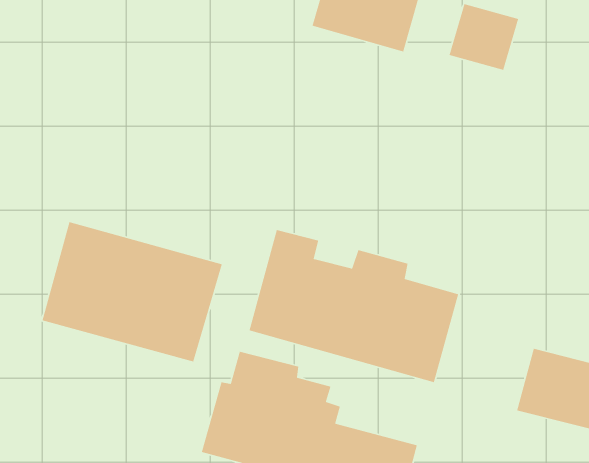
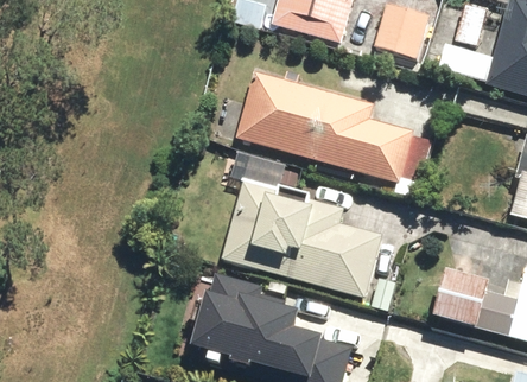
building: none -> [235,68,433,182]
building: [41,221,223,362] -> none

